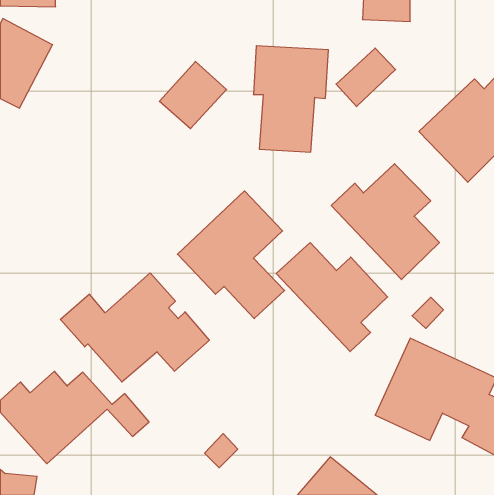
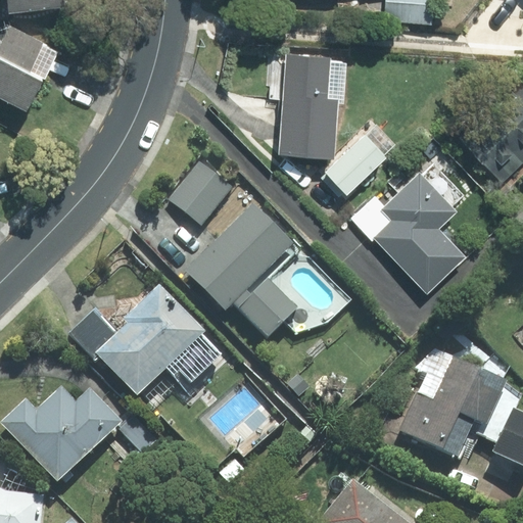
building: [336,48,396,107] -> [321,134,383,195]
building: [159,61,227,129] -> [168,158,238,229]
building: [276,243,388,352] -> none

